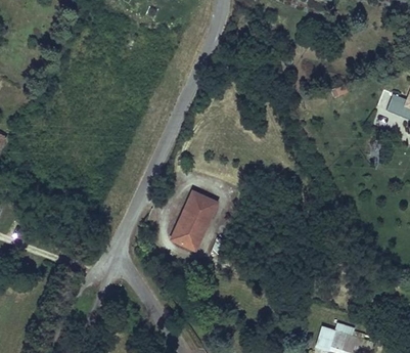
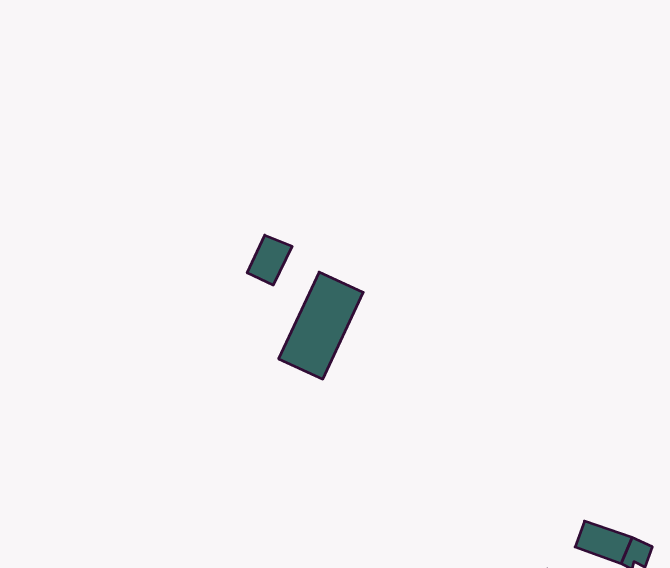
building: none -> [247,235,292,285]

